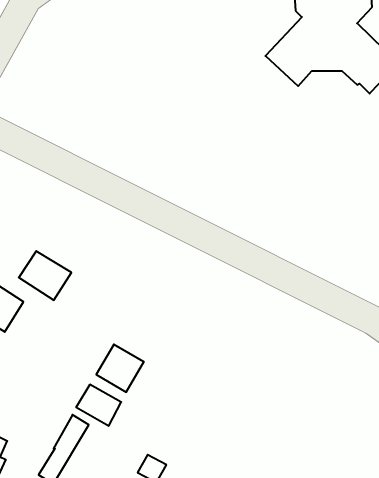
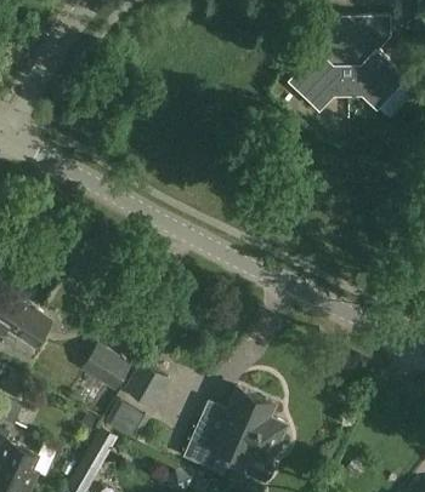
building: [19,251,71,300] -> [80,343,131,390]
building: none -> [182,390,287,481]

